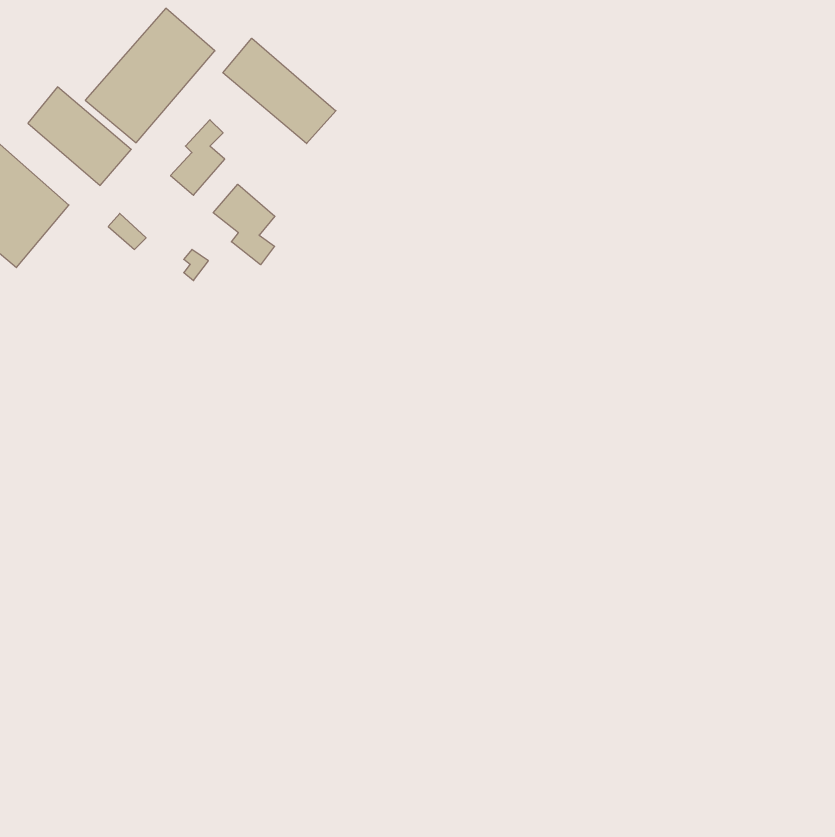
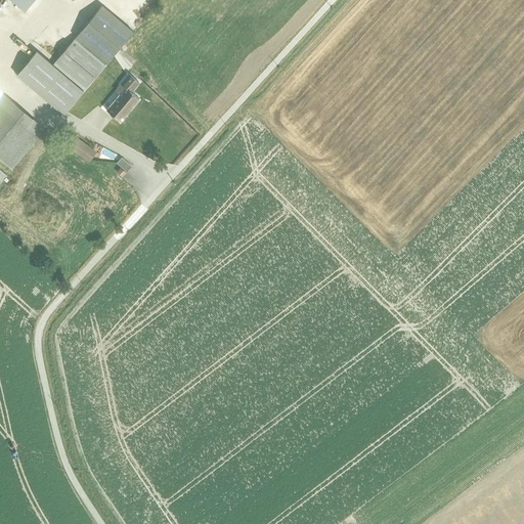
building: [223,38,336,144] -> none
building: [213,184,275,265] -> none

